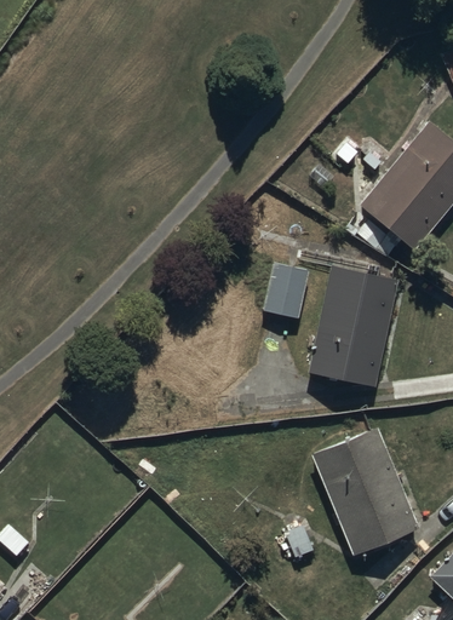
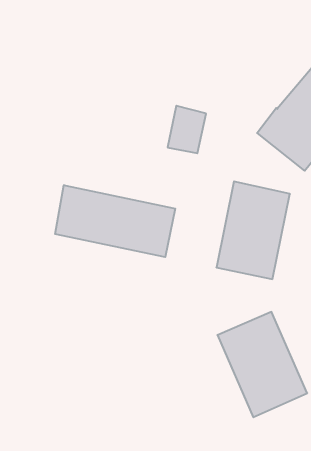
building: [262,260,310,320] -> [168,106,206,153]
building: none -> [55,185,175,257]

